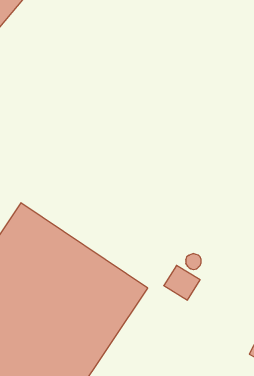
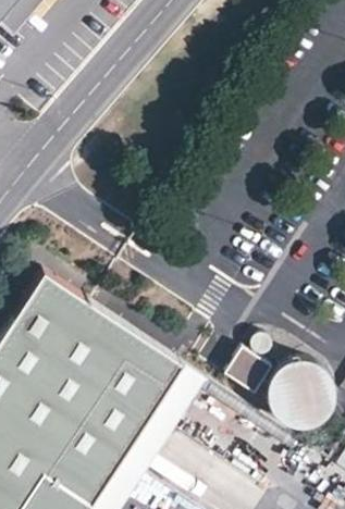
building: none -> [266,359,331,424]

